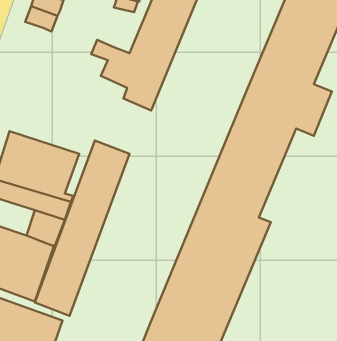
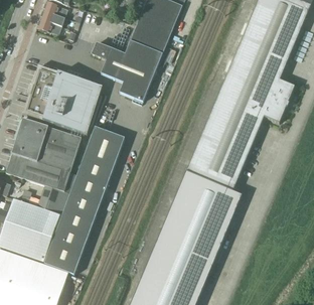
building: none -> [22,64,102,132]

